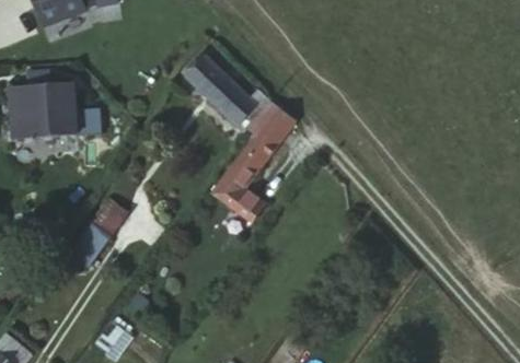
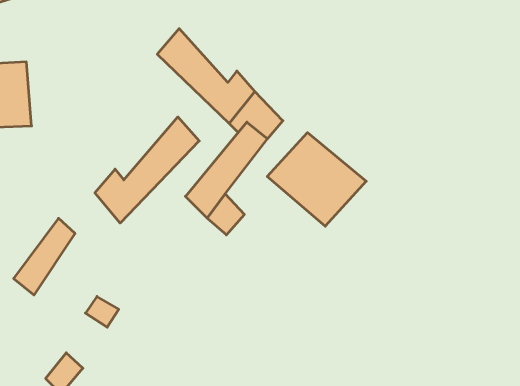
building: none -> [95,117,199,223]
building: none -> [267,133,366,226]

